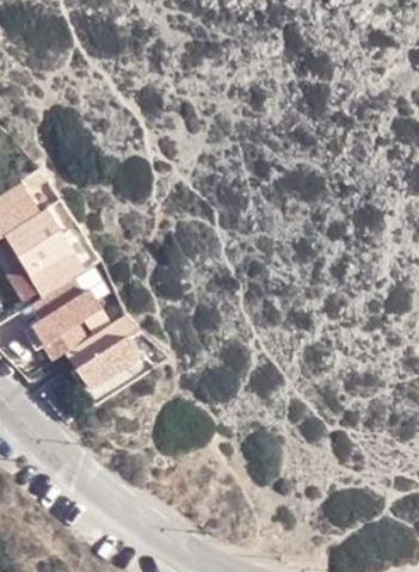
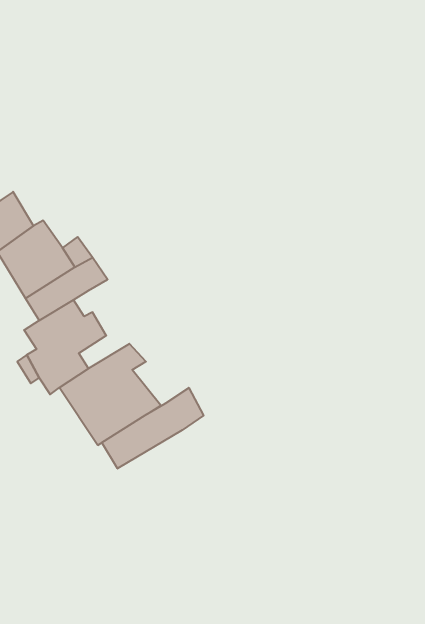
building: none -> [102,388,204,469]

